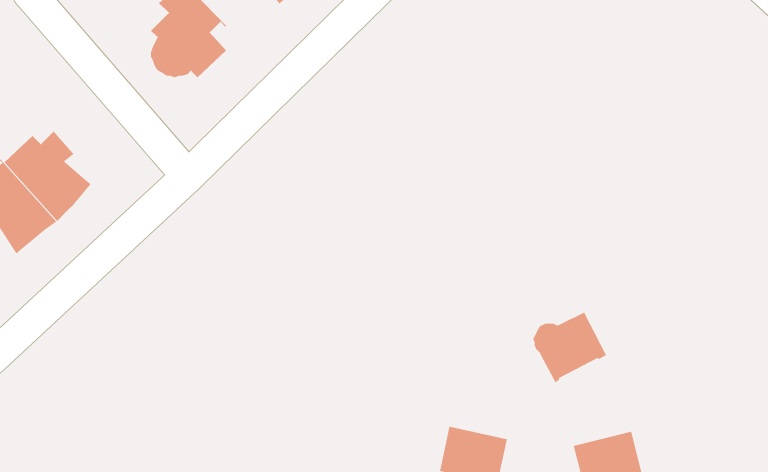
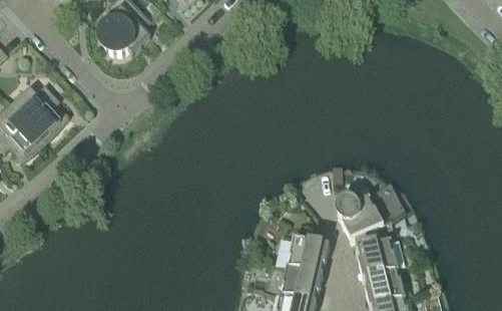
building: none -> [354,225,398,278]
building: none -> [286,237,329,274]

